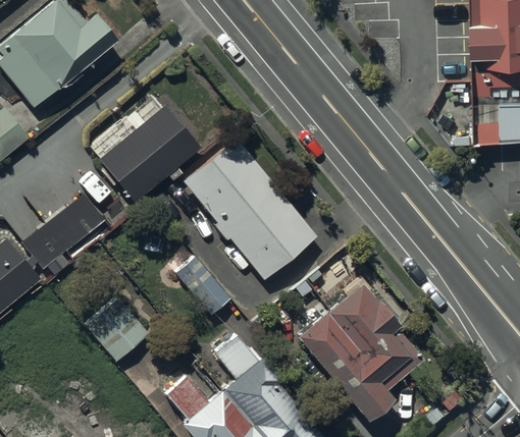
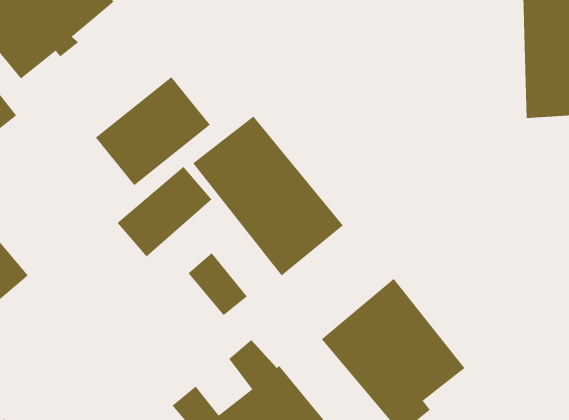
building: [25,193,110,273] -> [116,166,212,258]
building: [90,302,150,363] -> none

